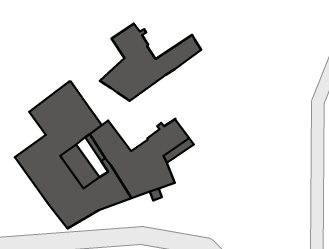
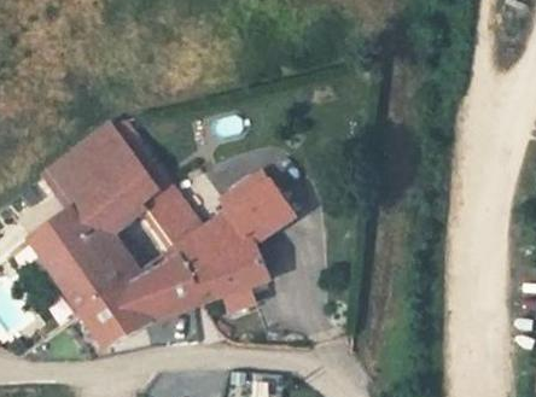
building: [100,23,201,101] -> none

